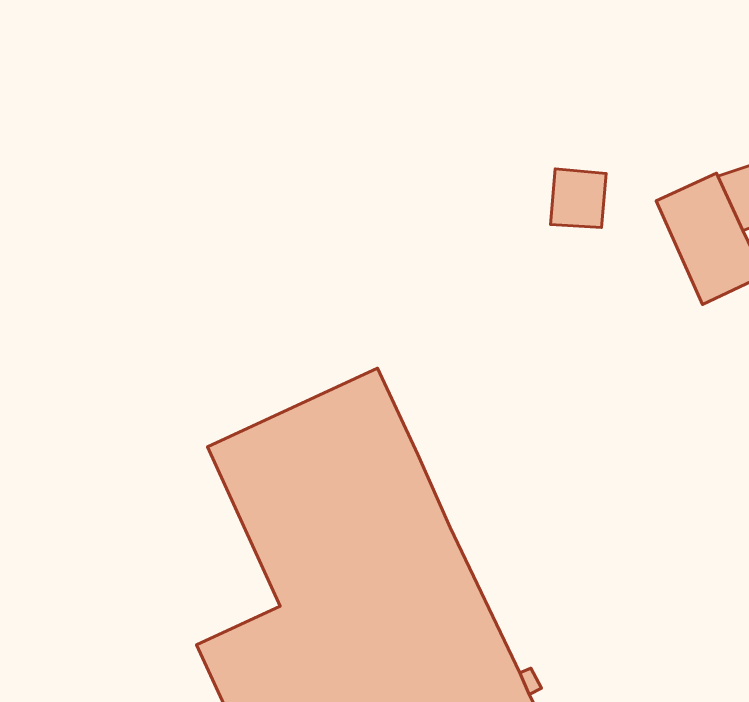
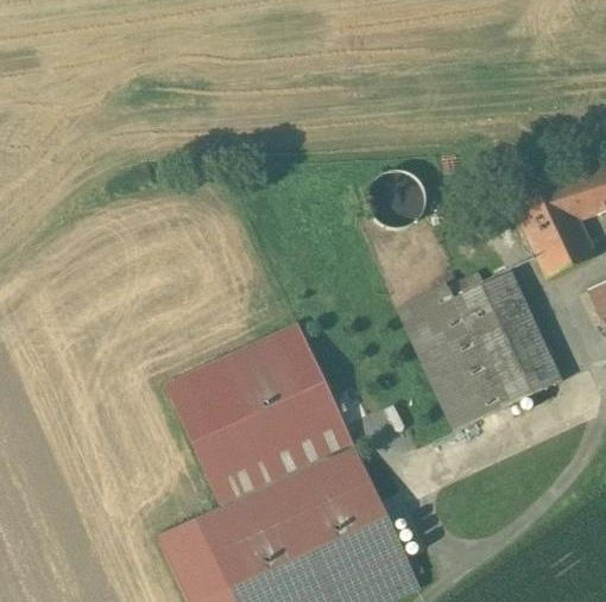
building: [550,169,606,228] -> [383,173,425,218]
building: none -> [398,273,560,432]

